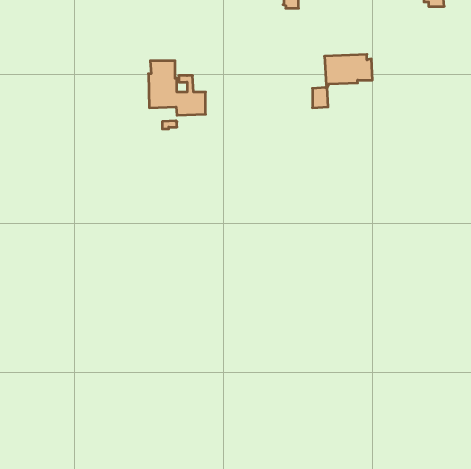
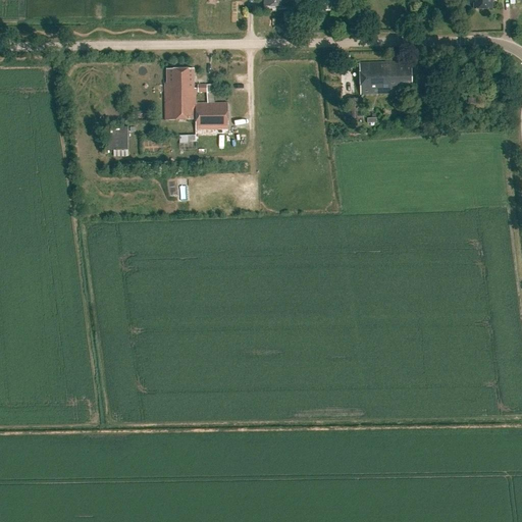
building: none -> [105,124,127,148]

